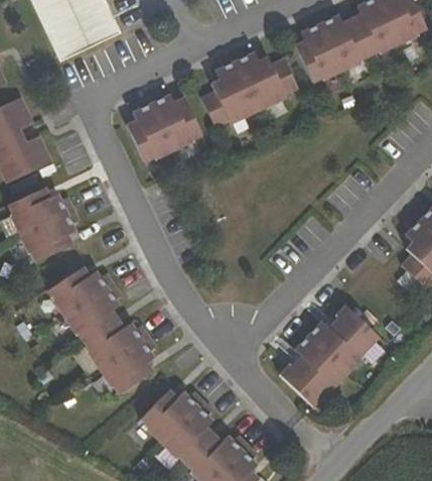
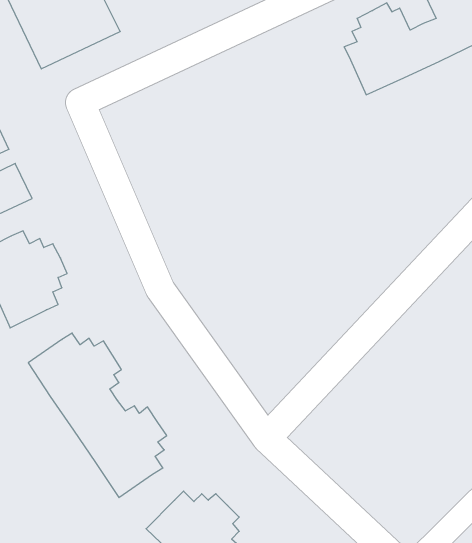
building: [200,48,298,127] -> none
building: [126,91,201,162] -> none
building: [280,305,379,406] -> none

